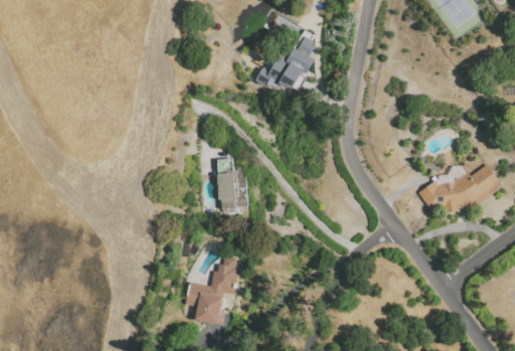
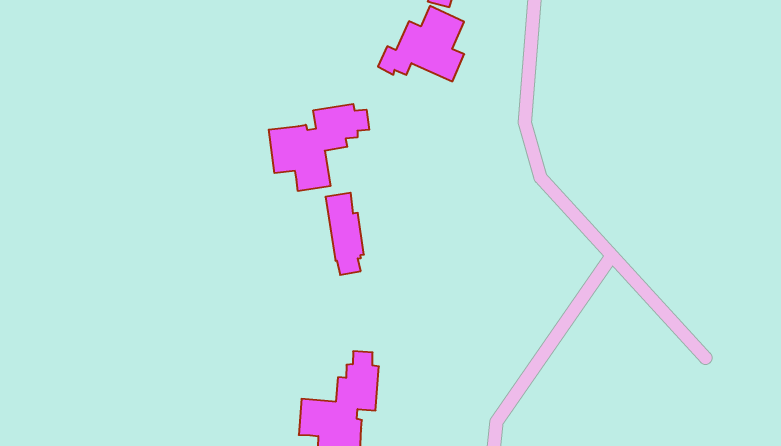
building: none -> [269,104,369,191]
building: [422,163,493,211] -> none

